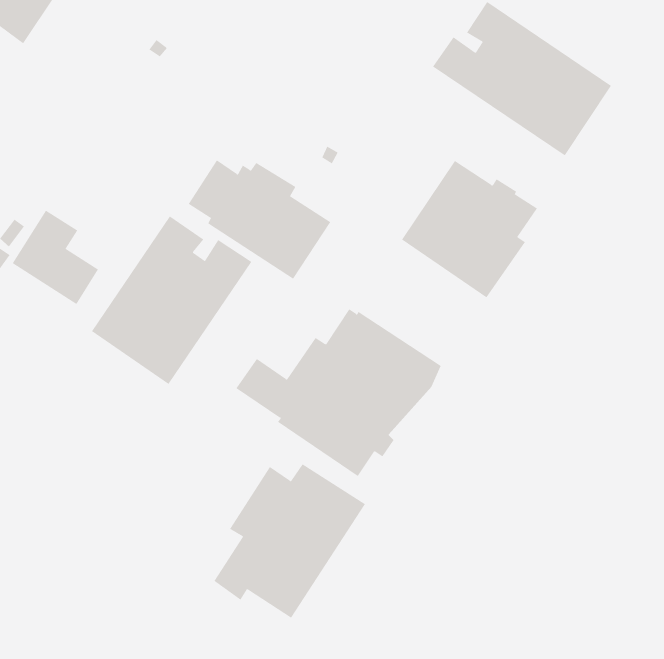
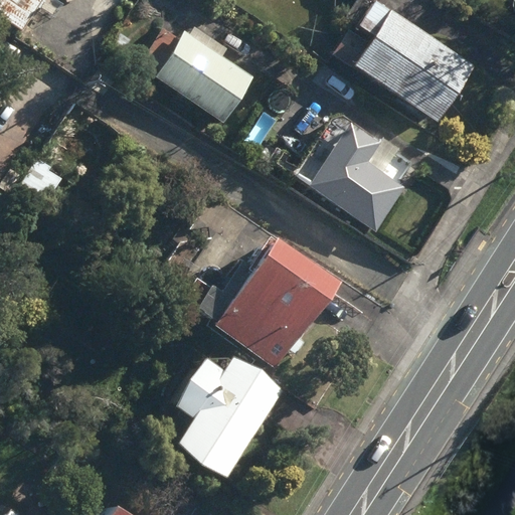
building: [188,160,331,279] -> [142,27,252,120]
building: [91,216,252,385] -> none

